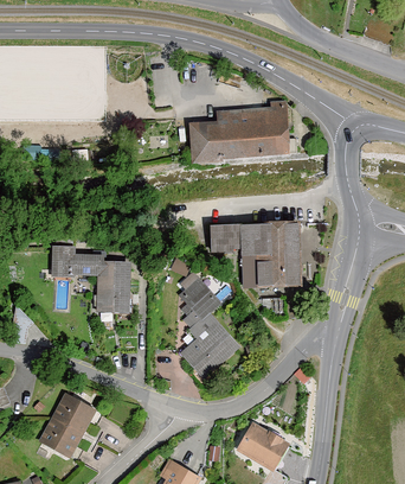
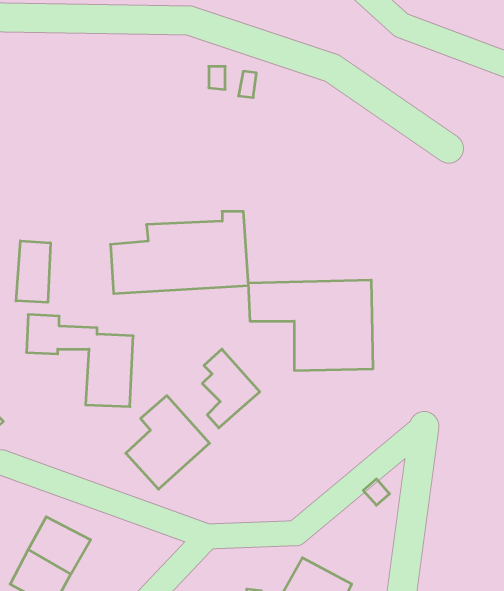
building: [191,101,290,160] -> [110,211,248,294]
building: none -> [16,241,50,302]
building: [180,312,240,380] -> [126,396,210,489]

